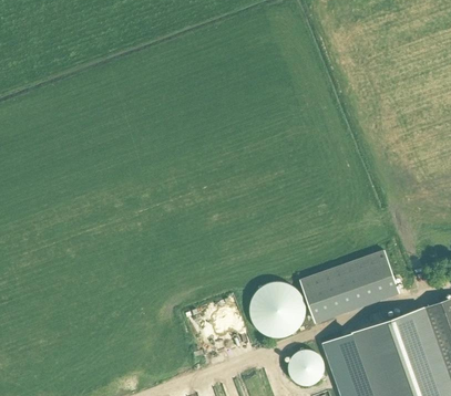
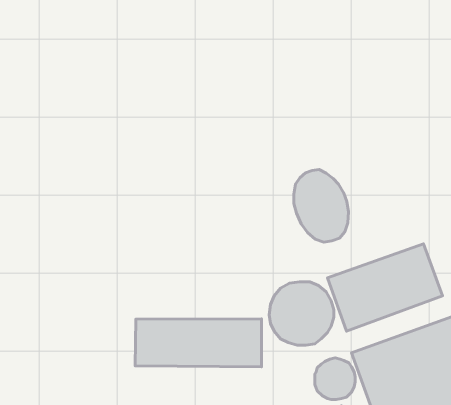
building: none -> [294,169,348,242]
building: none -> [135,319,261,367]

